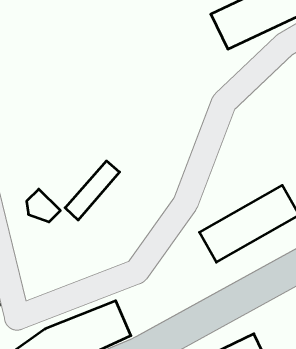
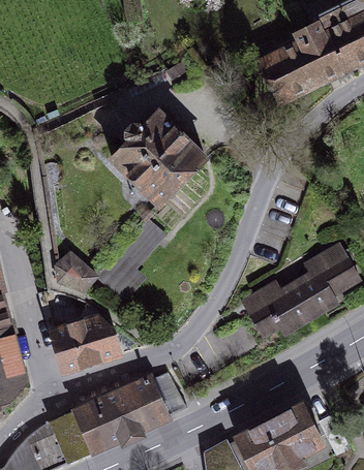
building: none -> [111,112,204,205]
building: none -> [40,293,117,372]

